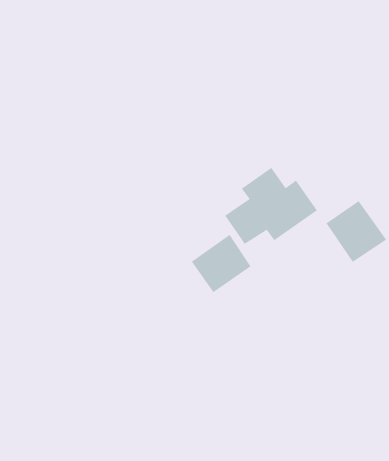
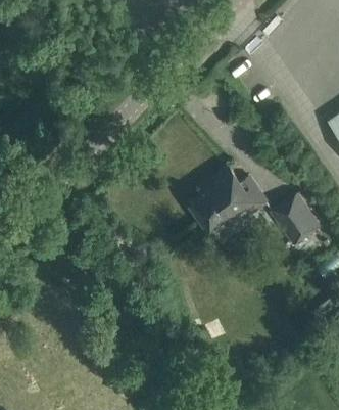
building: [191,234,251,293] -> none

